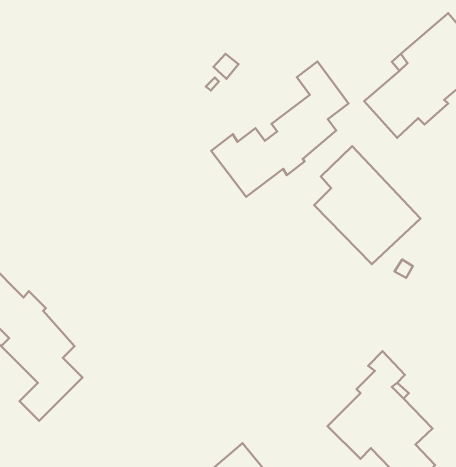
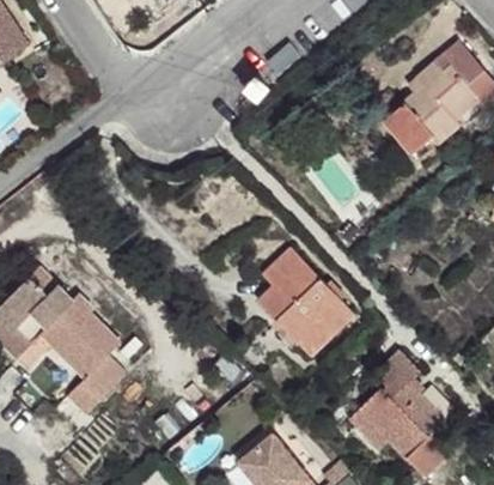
building: [211,61,348,197] -> none
building: [314,146,420,264] -> [257,248,354,356]

